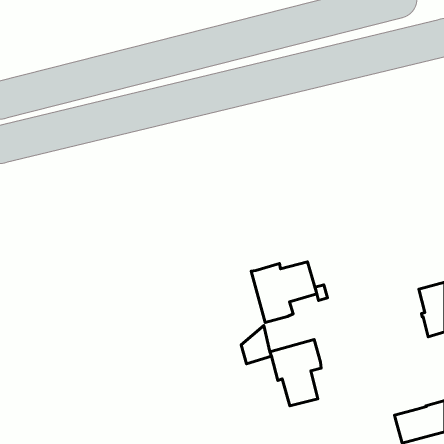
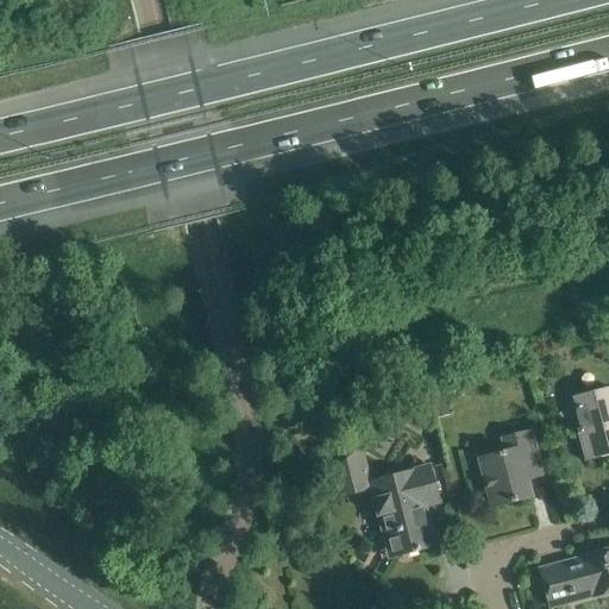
building: [251,262,317,323] -> none
building: none -> [479,429,544,506]

